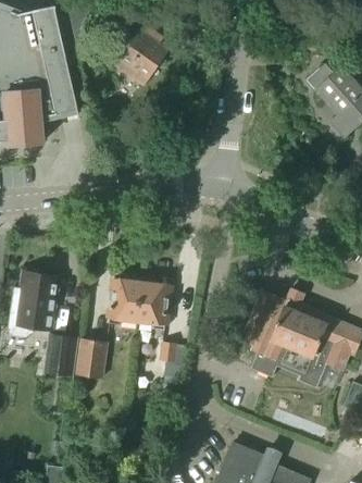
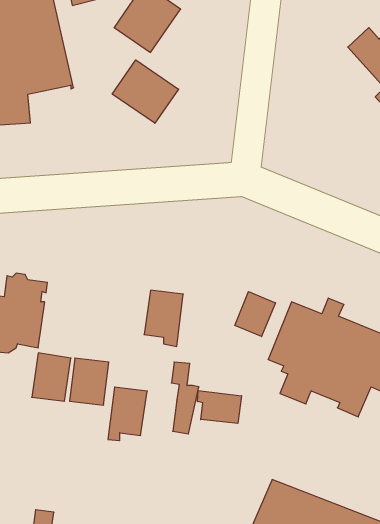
building: none -> [112,60,179,123]
building: [110,280,142,324] -> [108,387,147,441]
building: none -> [235,292,275,337]
building: none -> [198,390,241,423]

